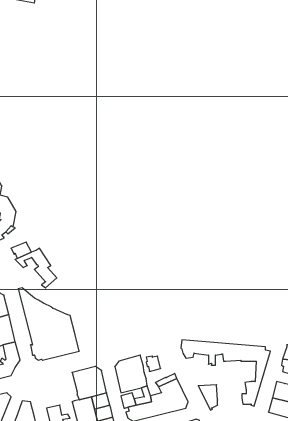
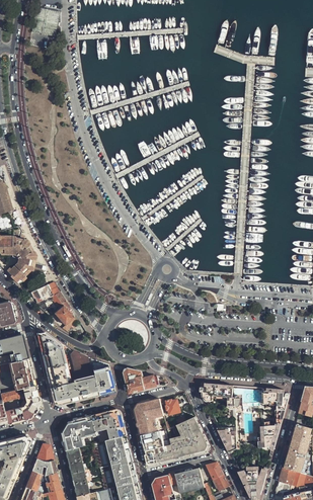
building: none -> [89,358,113,394]
building: none -> [124,368,156,393]
building: none -> [61,415,96,450]

